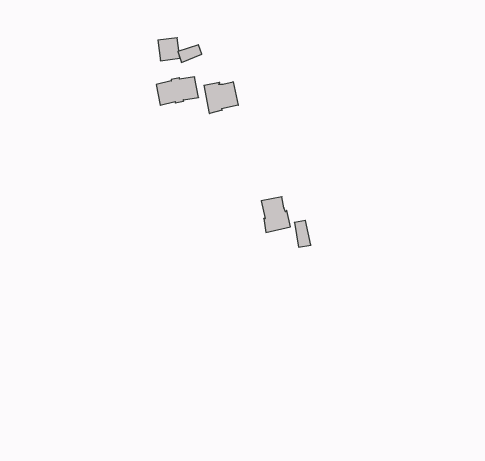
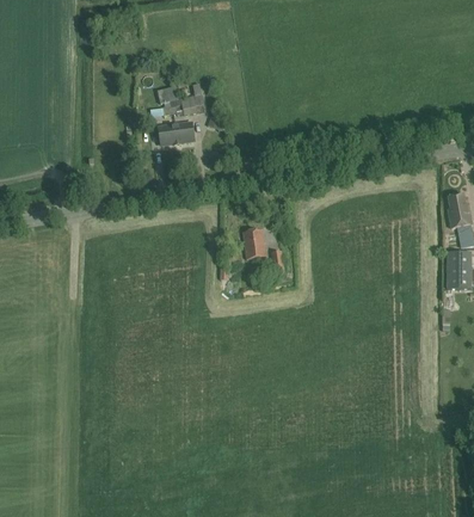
building: [204,82,238,114] -> none

